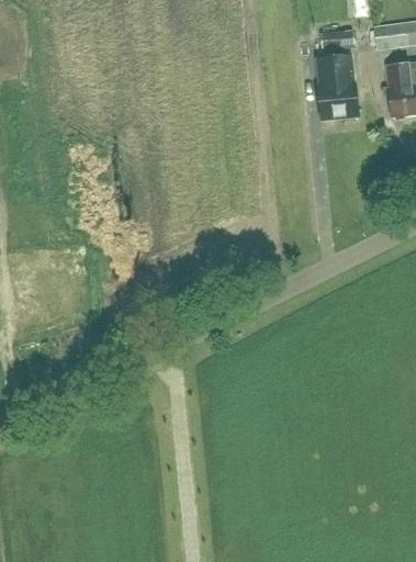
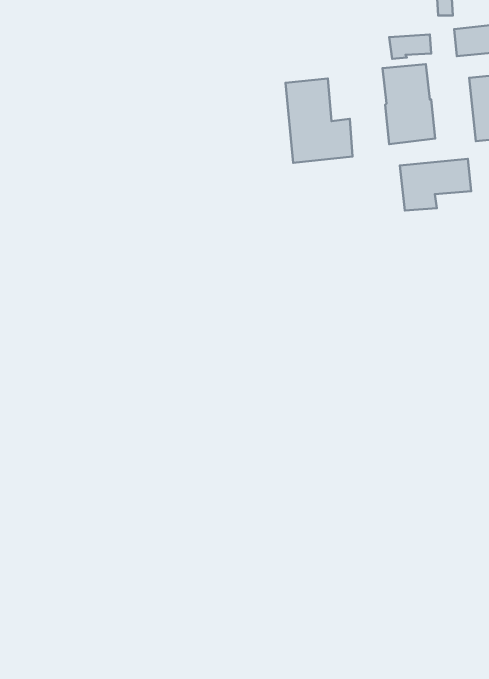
building: none -> [285,78,353,163]
building: none -> [400,159,471,211]

